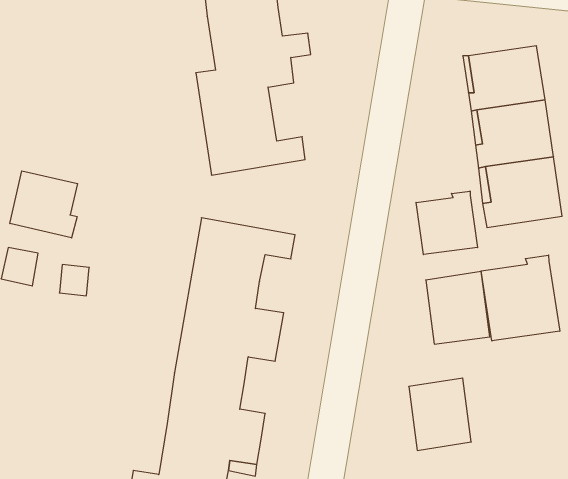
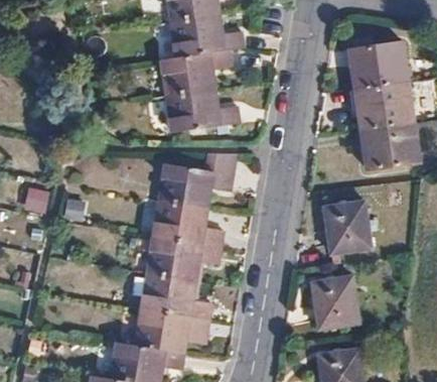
building: [10,171,78,238] -> none
building: [416,191,478,255] -> none
building: [481,255,560,341] -> none

